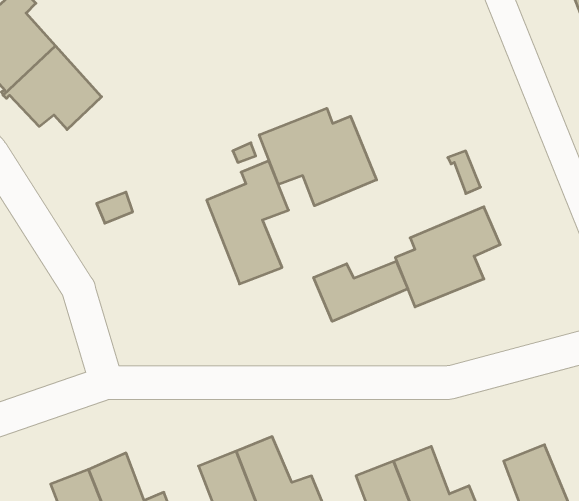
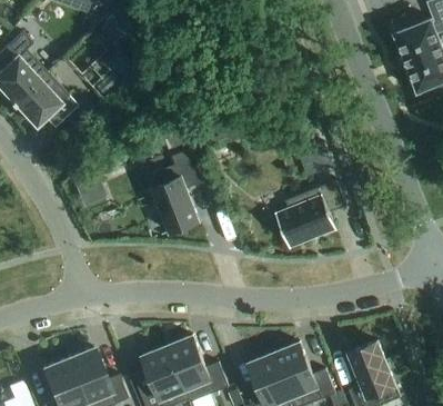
building: [259,108,377,206] -> none
building: [314,261,408,321] -> none

